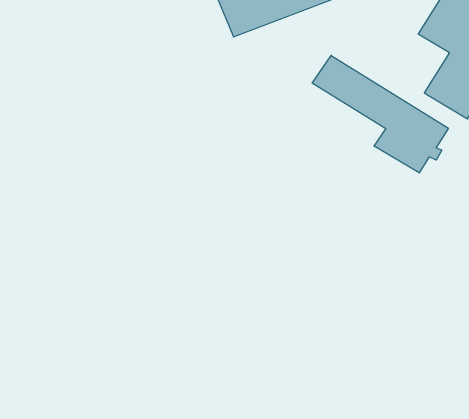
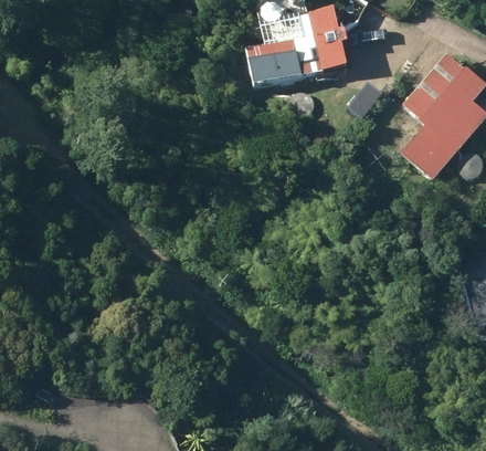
building: [312,55,448,173] -> none

